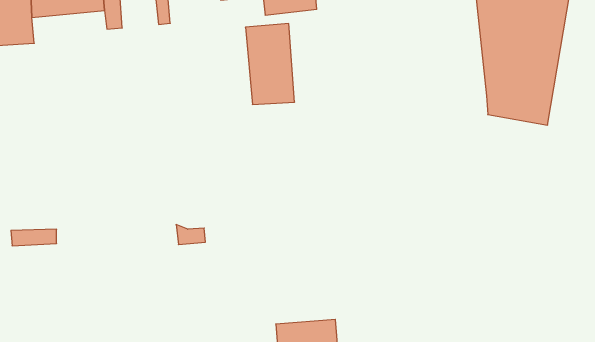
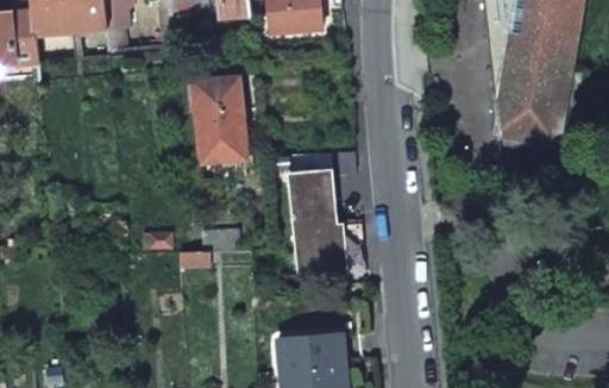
building: [245,24,295,104] -> [196,76,246,158]
building: none -> [288,171,344,270]

